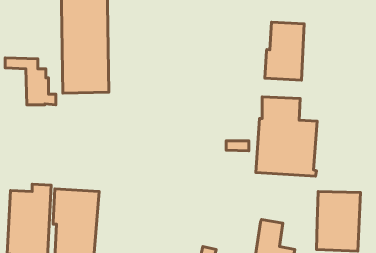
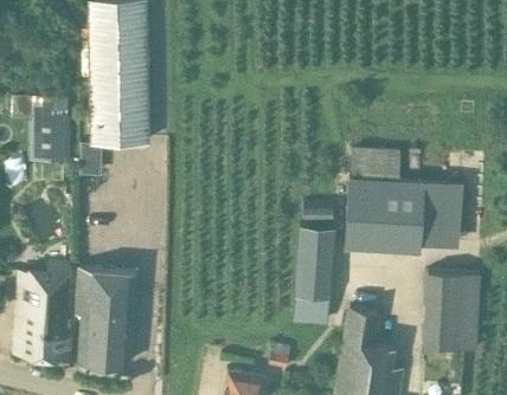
building: [265,22,304,80] -> none
building: none -> [418,182,463,248]
building: none -> [293,226,335,324]

